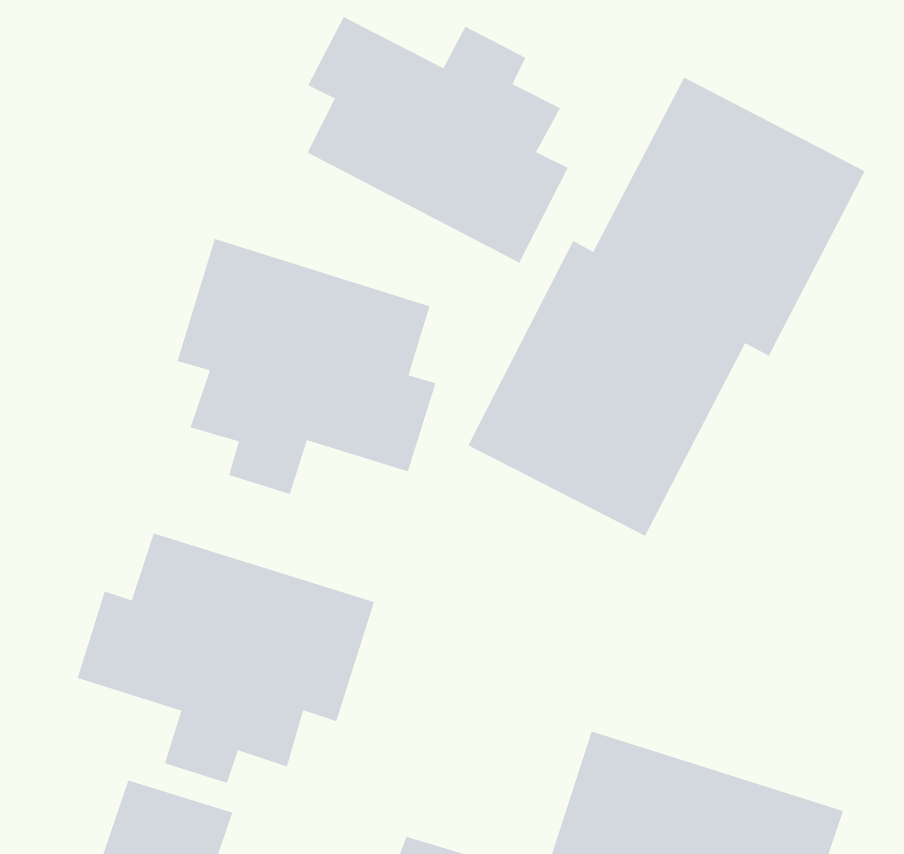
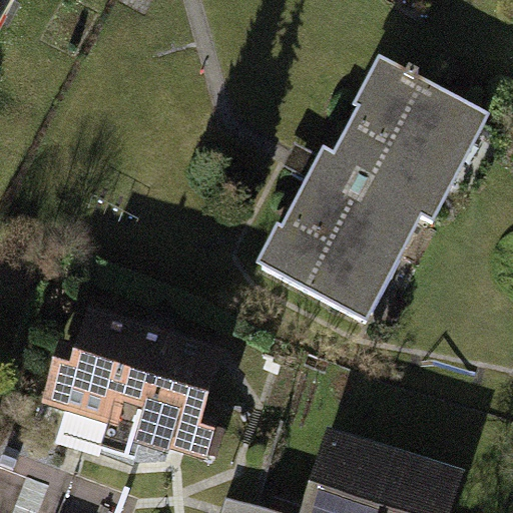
building: [307,16,569,263] -> none
building: [177,238,436,495] -> none

